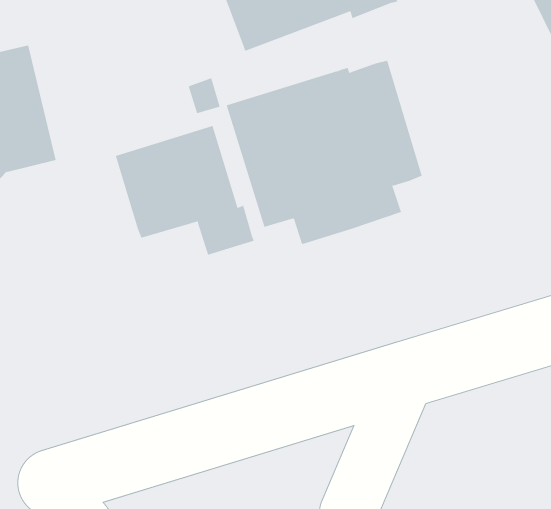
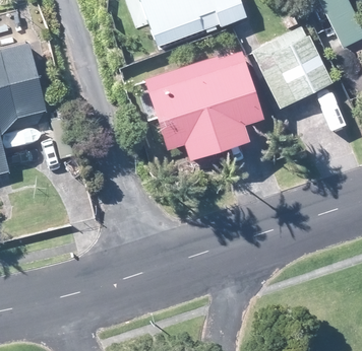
building: none -> [251,26,333,110]
building: [115,125,255,255] -> none

